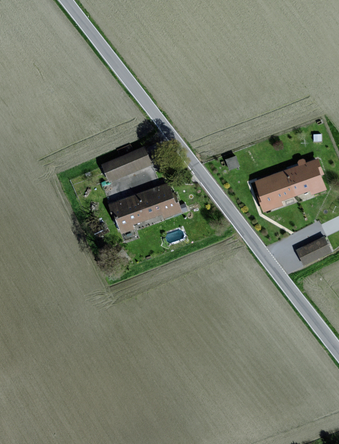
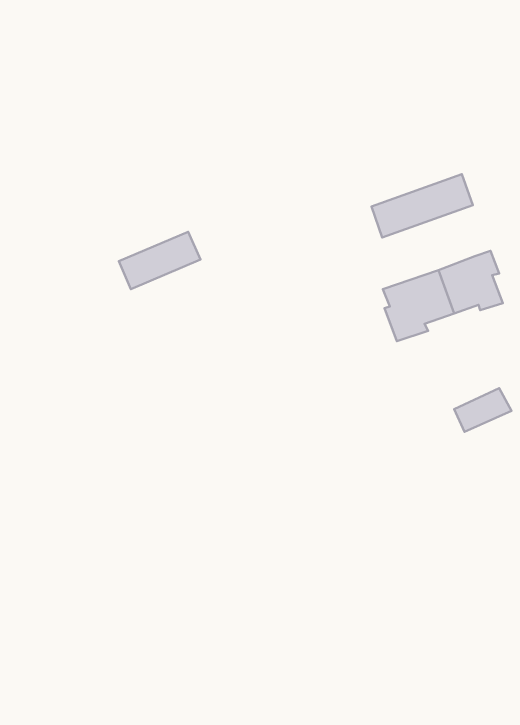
building: none -> [372,174,473,238]
building: [108,183,180,231] -> none

